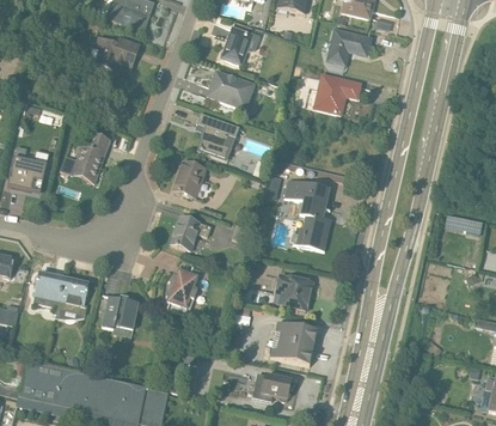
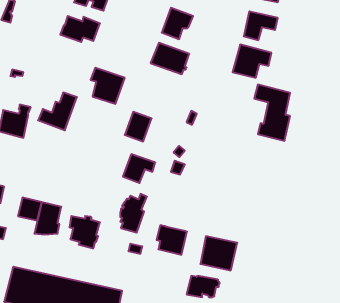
building: [195,114,239,160] -> [91,68,125,104]
building: [284,177,331,250] -> [254,85,290,141]
building: [275,273,314,311] -> [157,225,187,255]

